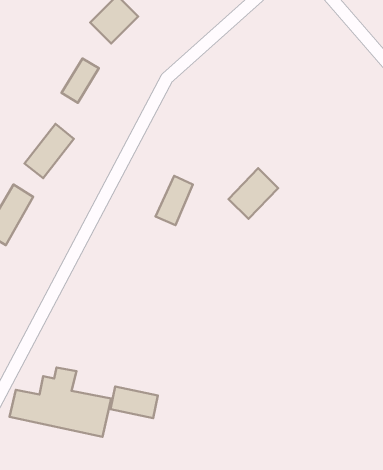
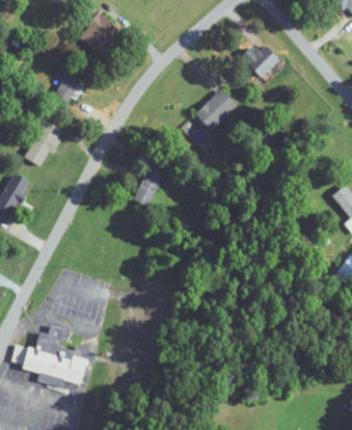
building: none -> [241,44,279,78]
building: [229,168,278,219] -> [195,88,237,131]
building: [110,386,158,418] -> none

